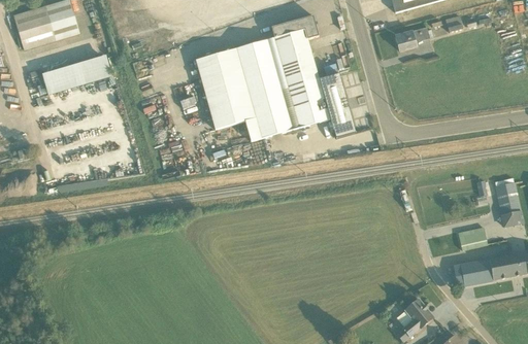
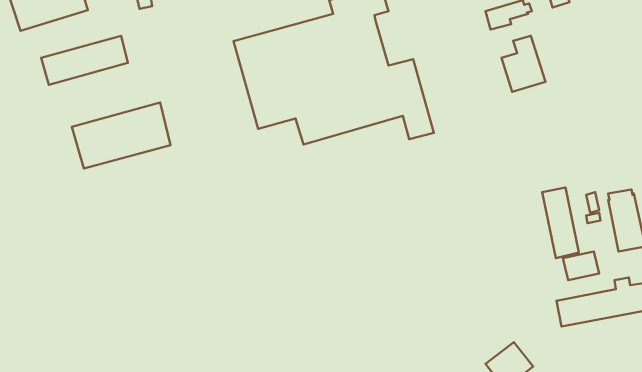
building: none -> [502,36,545,92]
building: none -> [72,103,170,169]
building: none -> [542,188,579,258]

